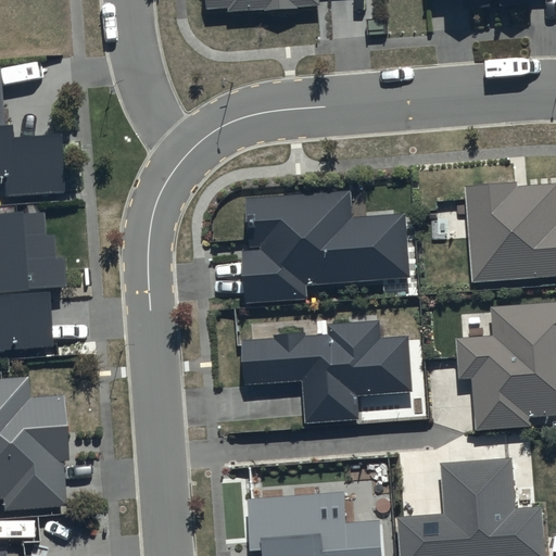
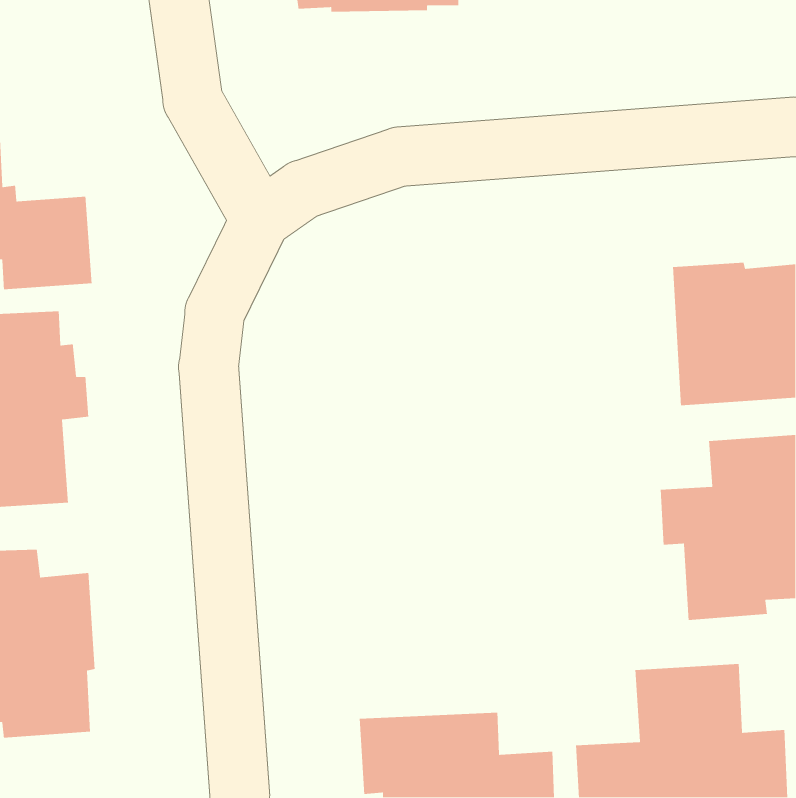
building: [242,191,410,304] -> none
building: [243,320,413,422] -> none

